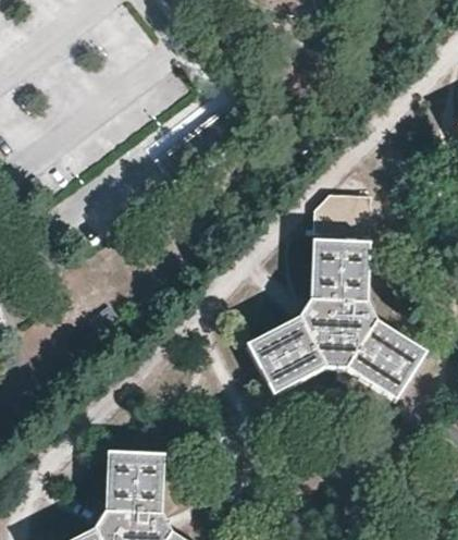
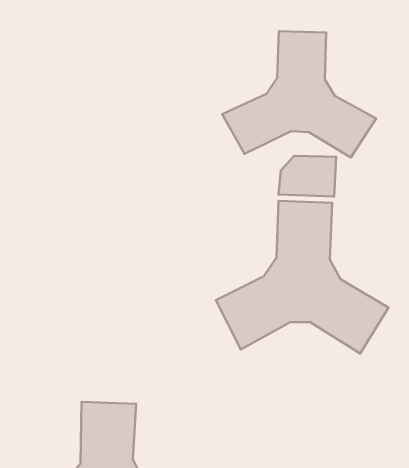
building: none -> [222,31,376,158]

